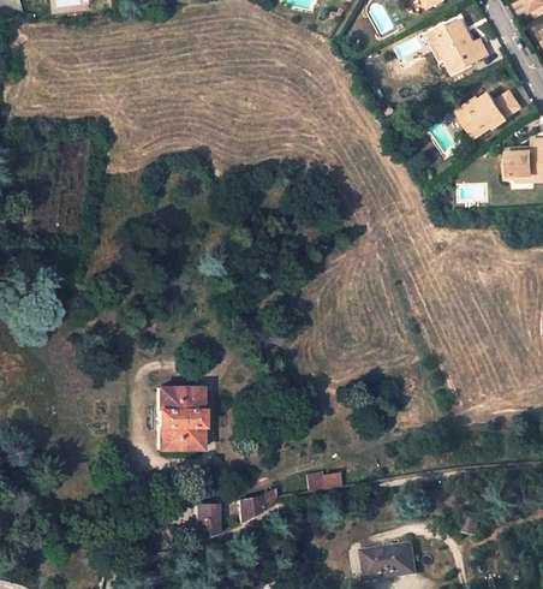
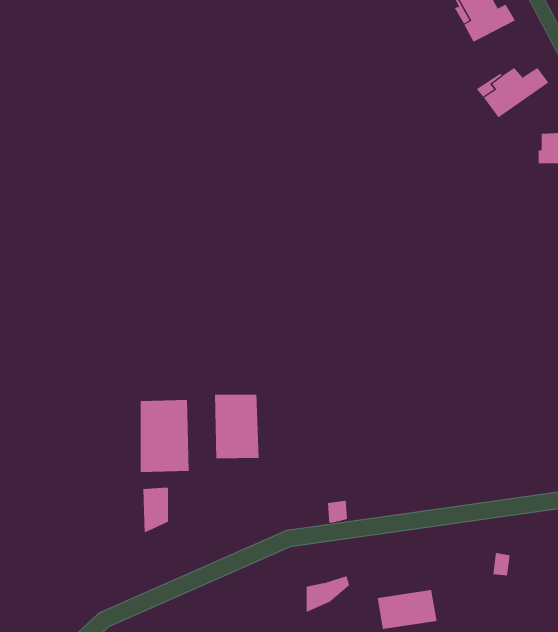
building: none -> [214,394,259,459]
building: [241,488,280,520] -> [306,576,350,613]
building: [197,499,220,539] -> [143,487,169,533]

